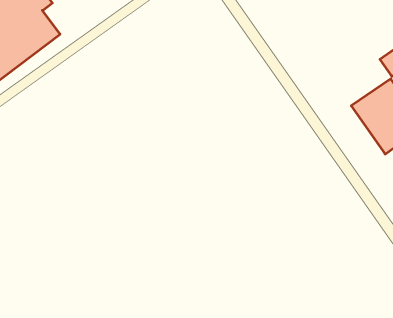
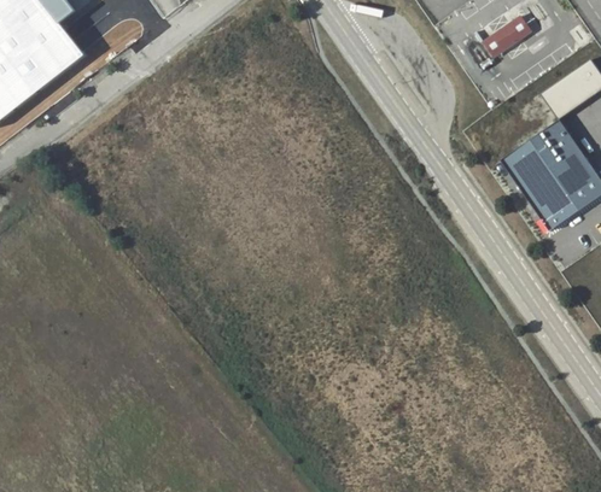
building: none -> [486,17,530,53]

